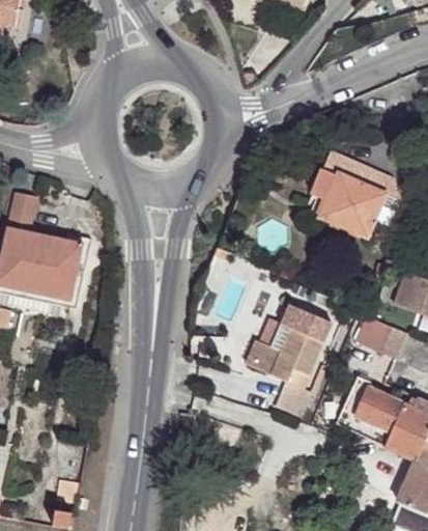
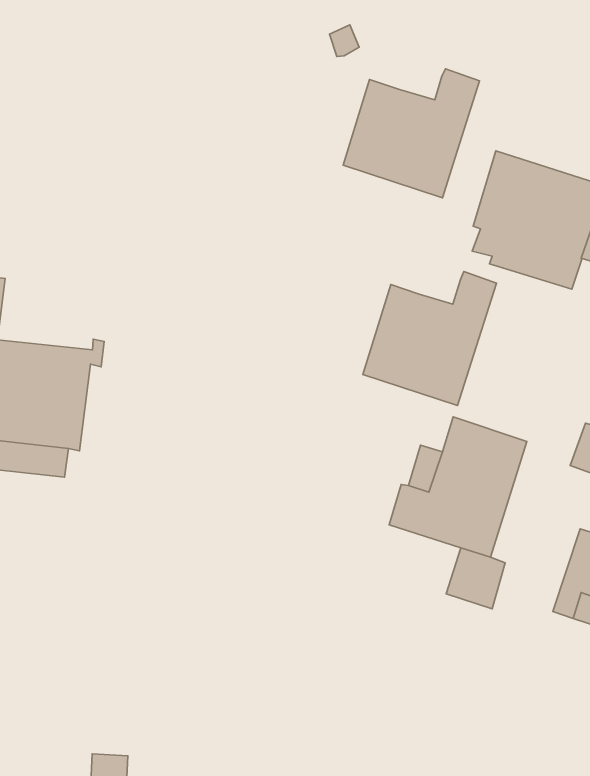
building: none -> [343,69,480,198]
building: none -> [363,271,496,406]

